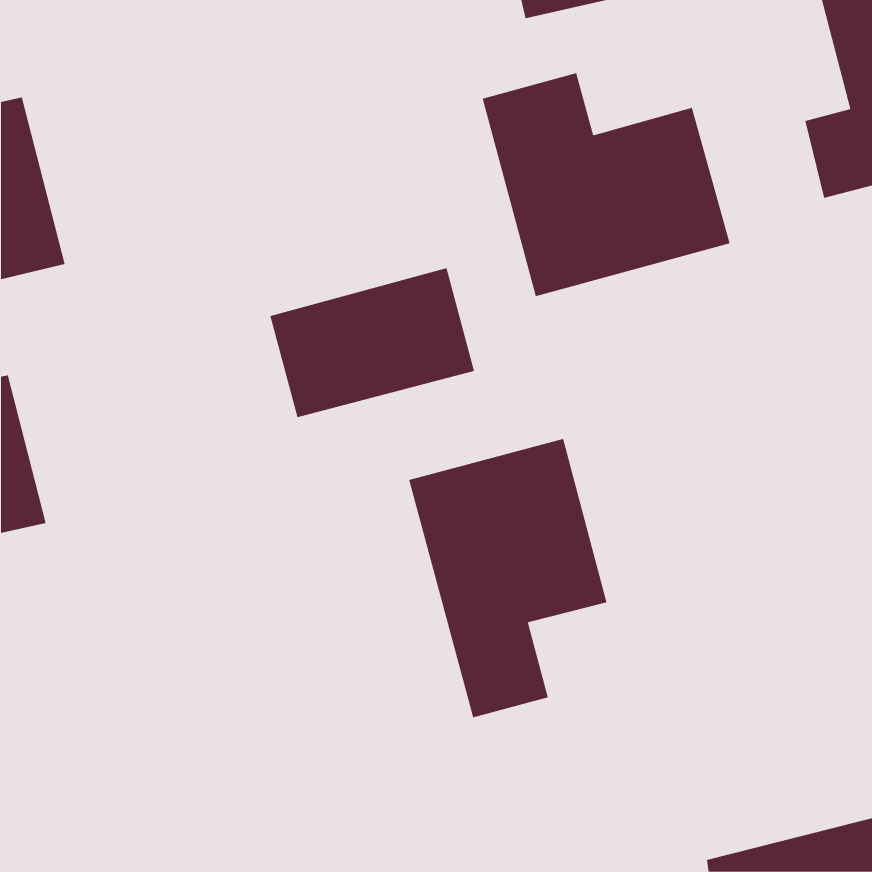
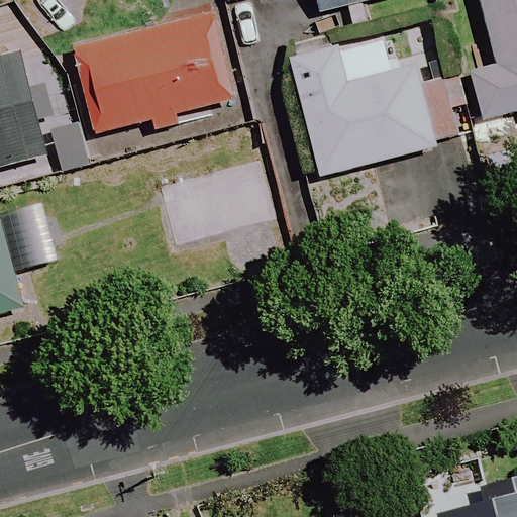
building: none -> [73,13,234,135]
building: [409,438,607,718] -> none

